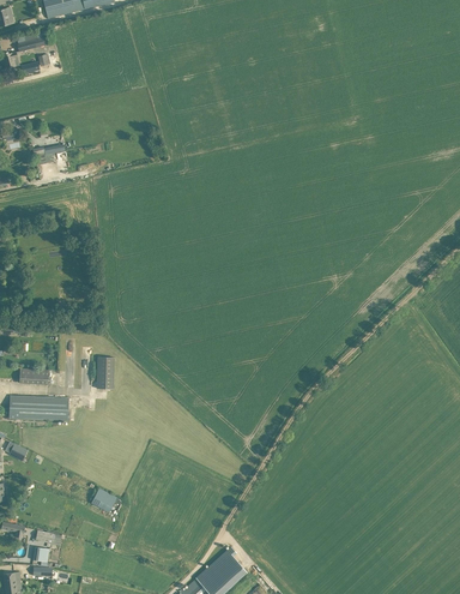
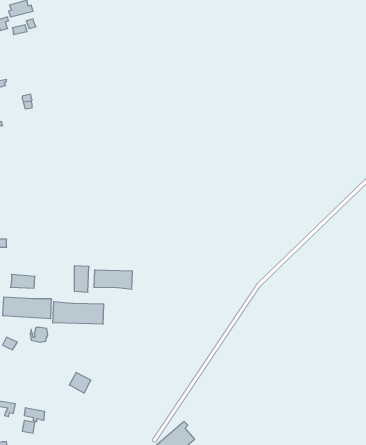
building: none -> [94,270,132,289]
building: none -> [53,301,104,324]

